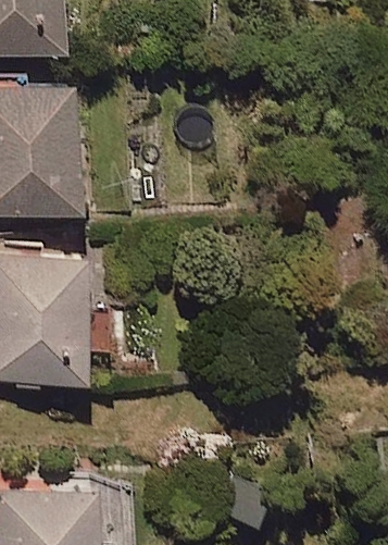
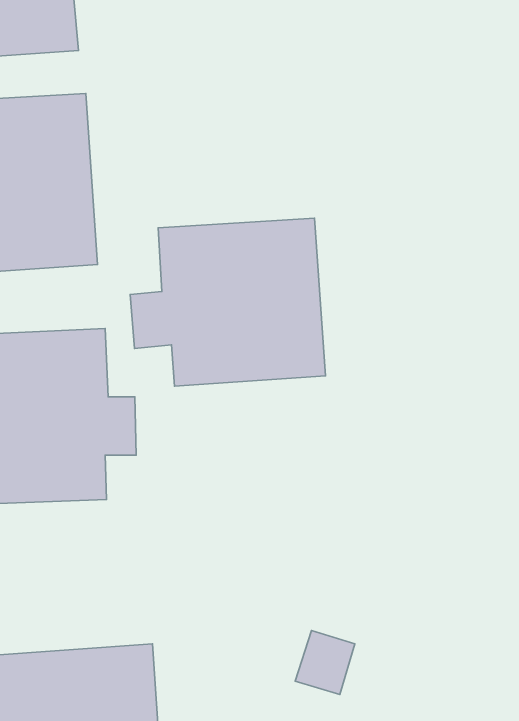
building: none -> [130,218,325,386]

